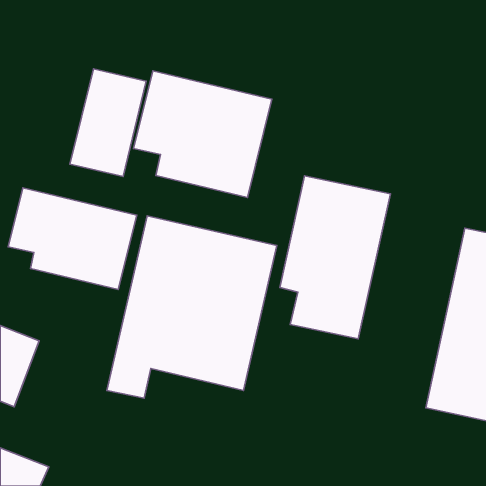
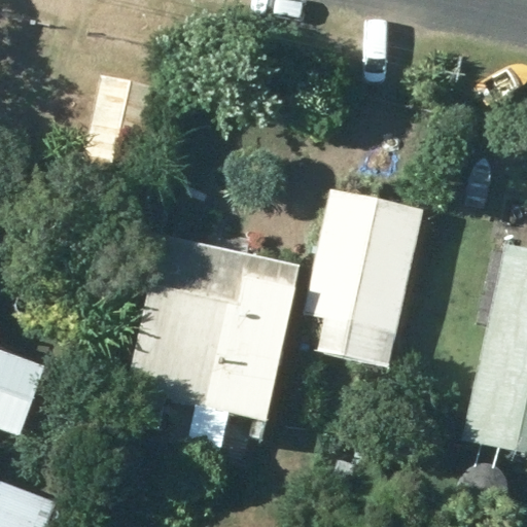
building: [134,71,272,198] -> none
building: [8,188,137,290] -> none

